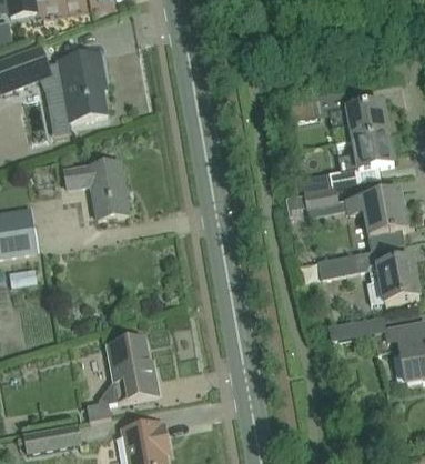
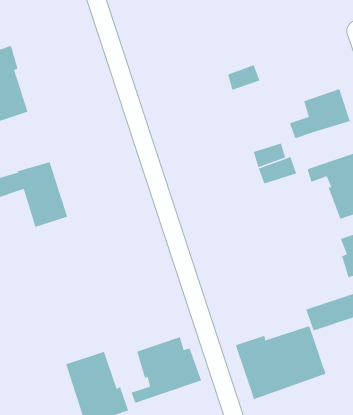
building: [330,100,387,138] -> none
building: [317,253,356,276] -> none
building: none -> [130,336,202,404]
building: none -> [235,325,327,400]

